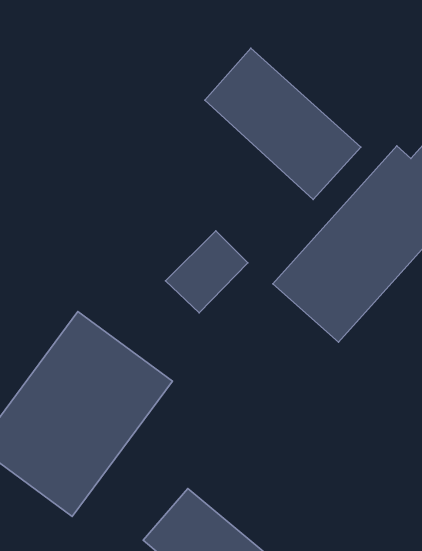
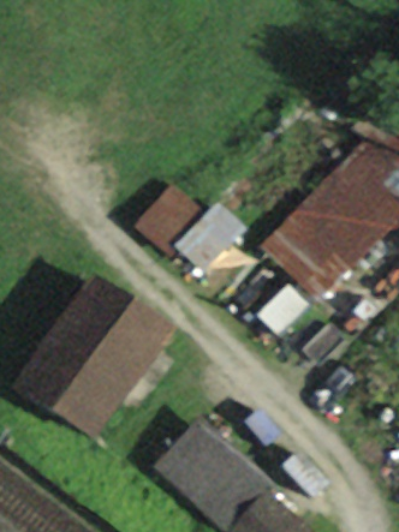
building: [205,48,361,199] -> none

